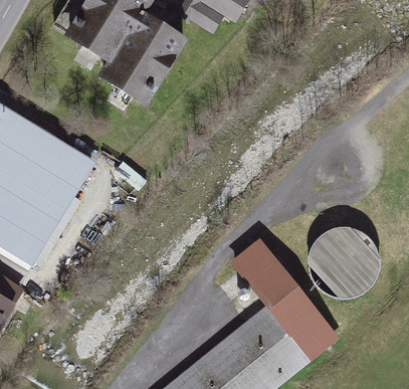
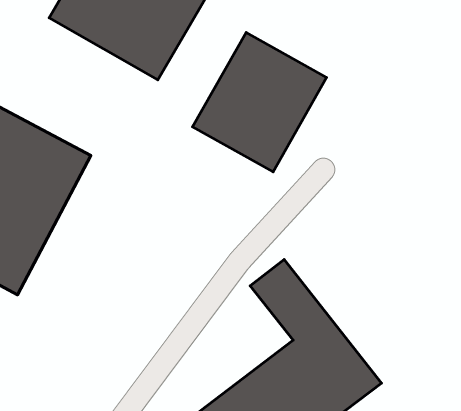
building: none -> [193,33,327,172]
building: [303,231,374,303] -> none

